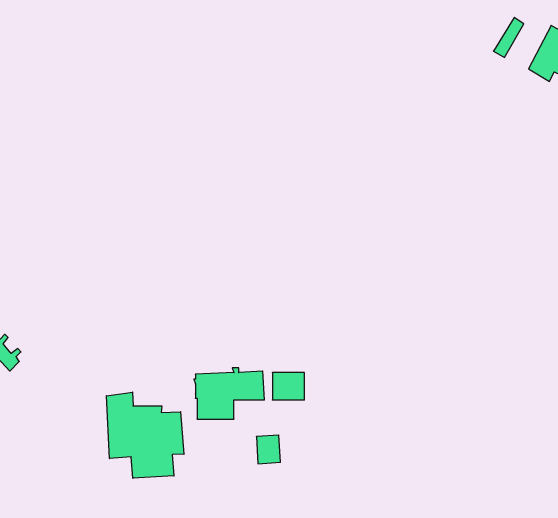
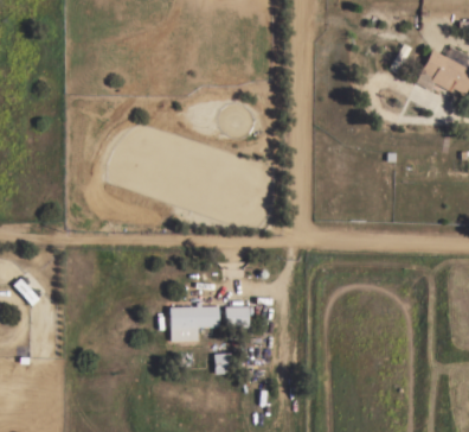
building: [106,392,184,478] -> none

